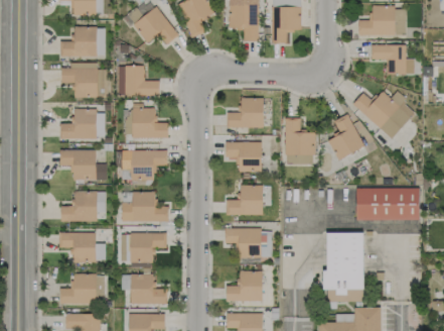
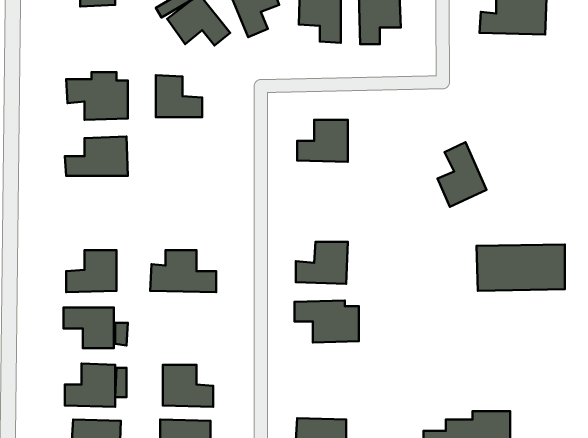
building: [59,27,105,58] -> none
building: [371,44,414,75] -> none
building: [351,90,414,139] -> none
building: [131,103,168,139] -> none
building: [285,118,314,164] -> none
building: [225,142,261,173] -> none
building: [59,150,96,181] -> none
building: [121,150,167,181] -> none
building: [322,232,362,302] -> none
building: [130,233,167,263] -> none
building: [226,270,262,302] -> none

